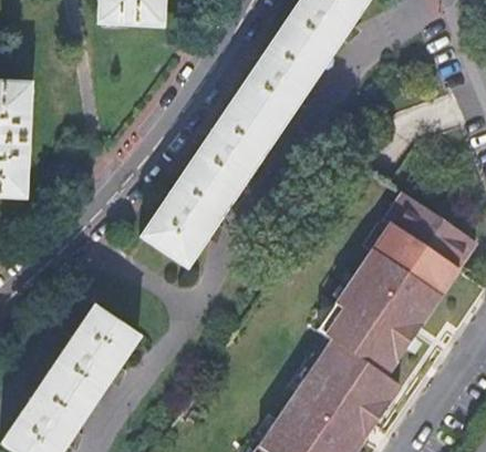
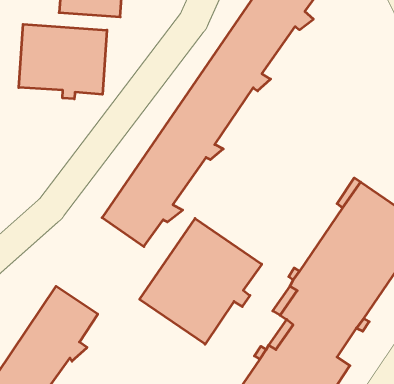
building: none -> [19,24,107,99]
building: none -> [140,218,262,344]

